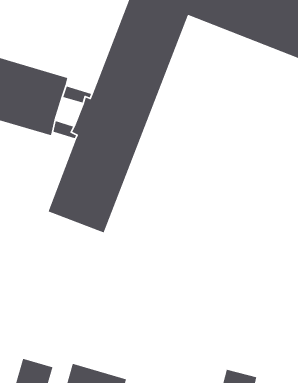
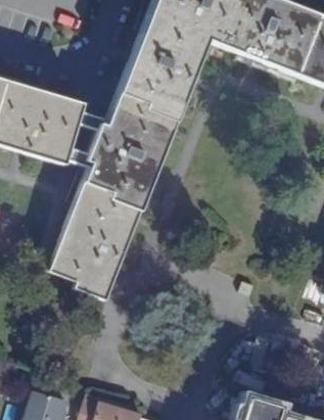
building: none -> [48,241,118,299]

